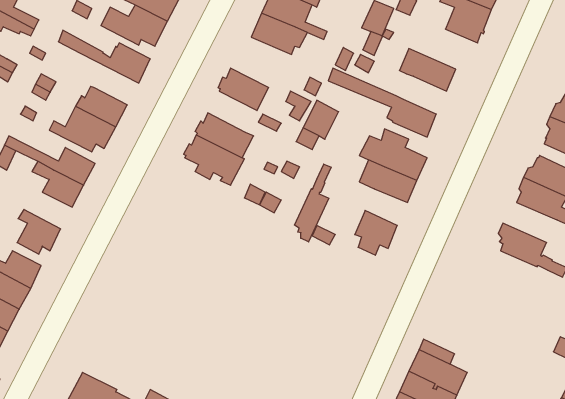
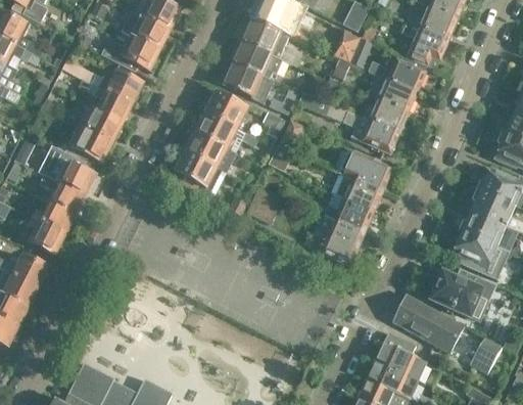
building: none -> [371,58,424,92]
building: none -> [224,63,271,102]
building: none -> [77,78,133,124]
building: none -> [362,96,407,132]
building: none -> [193,111,238,148]
building: [294,164,331,242] -> none
building: none -> [334,198,372,231]
building: none -> [31,201,74,234]
building: none -> [457,211,505,246]
building: none -> [428,267,494,320]
building: none -> [391,294,463,351]
building: none -> [468,336,501,373]

